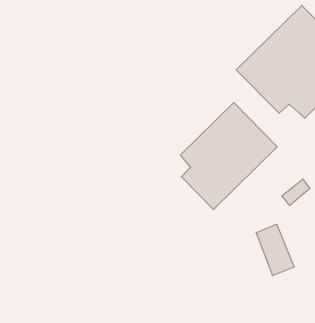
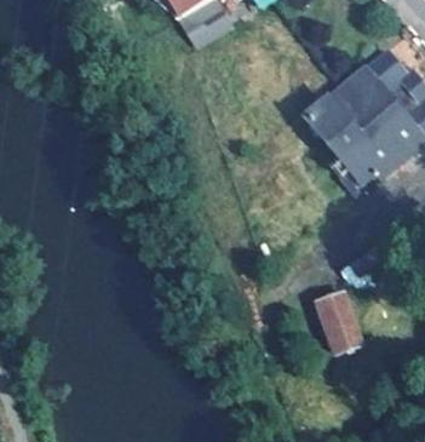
building: [180,103,277,210] -> none

